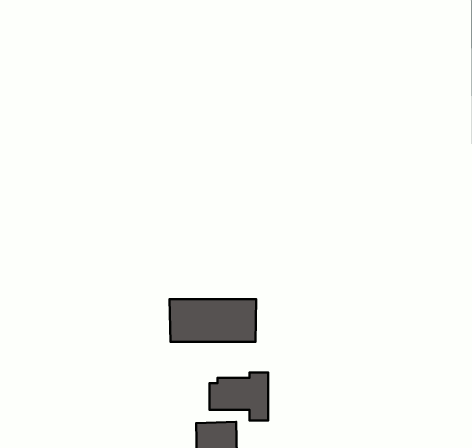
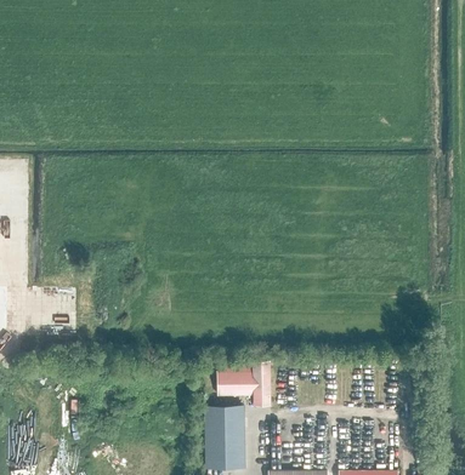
building: [170,299,256,342] -> none

